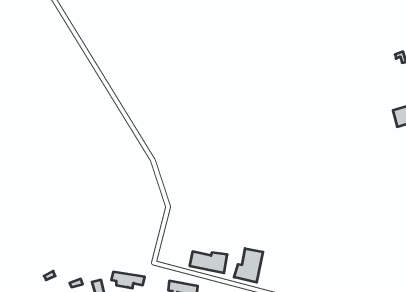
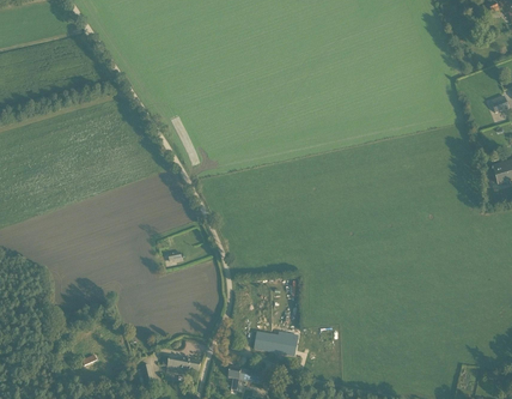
building: [234,248,263,282] -> none

